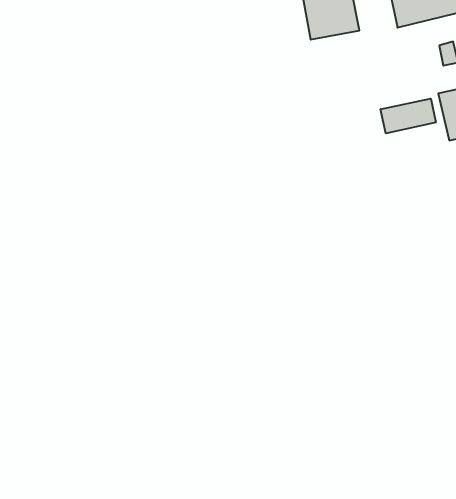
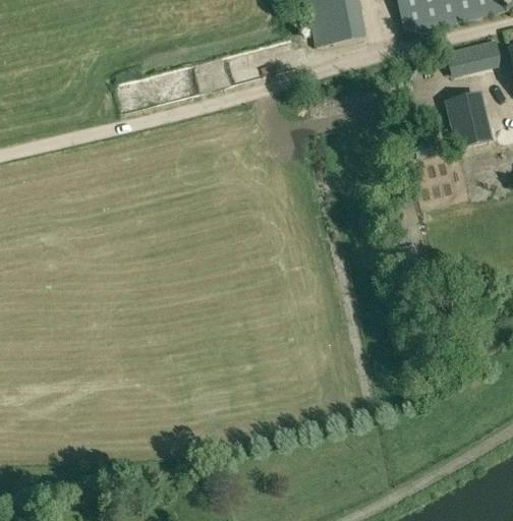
building: [381,99,436,133] -> none

